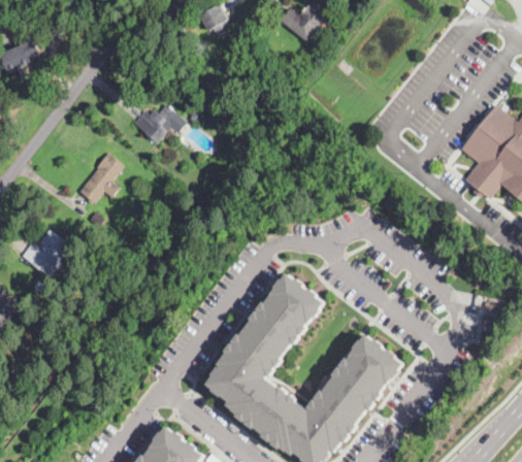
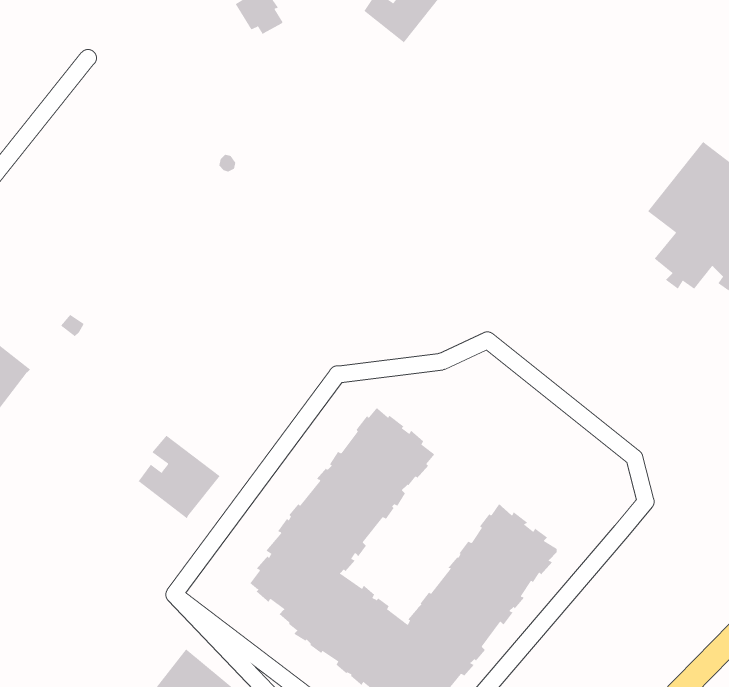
building: [131,105,185,145] -> none
building: [77,154,122,204] -> none
building: none -> [138,435,220,519]

